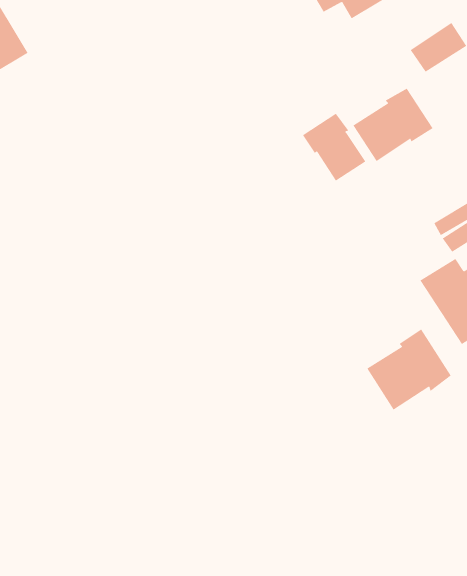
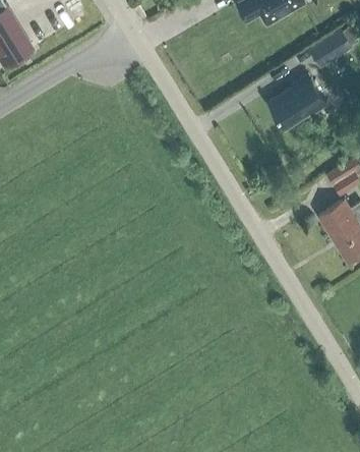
building: [302,113,366,182] -> none
building: [366,329,451,411] -> none

